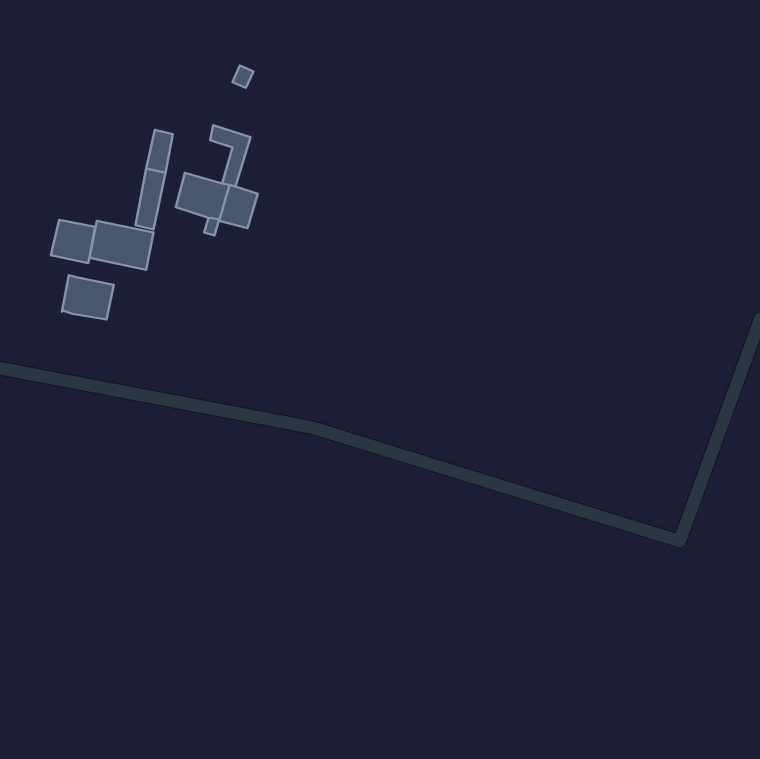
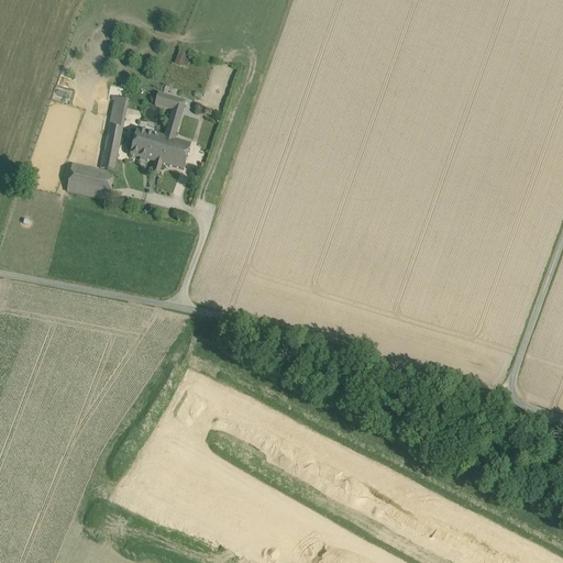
building: [51,220,95,263] -> none
building: [62,275,114,319] -> none

